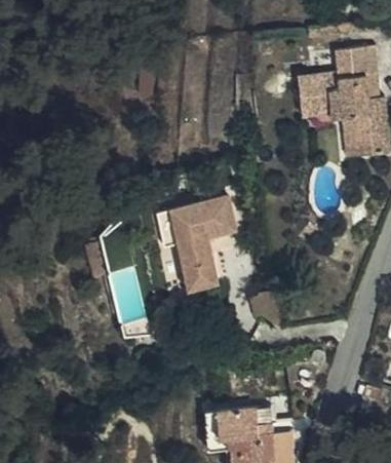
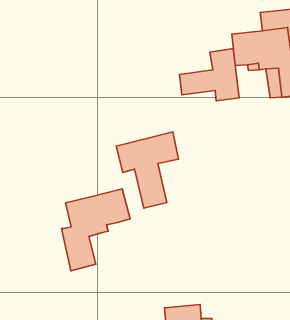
building: none -> [179,48,239,101]
building: none -> [62,189,130,271]

